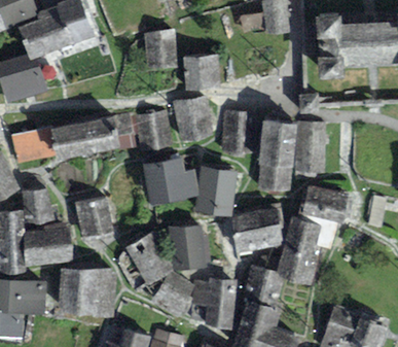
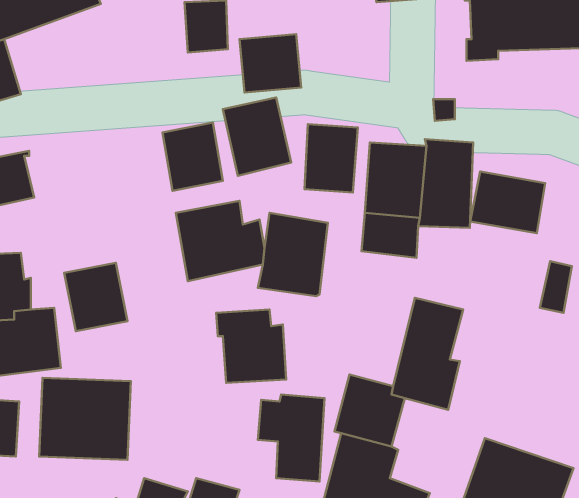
building: [49,112,136,161] -> none
building: [301,185,348,223] -> [470,172,545,233]
building: [231,208,283,253] -> none
building: [126,232,194,320] -> none

